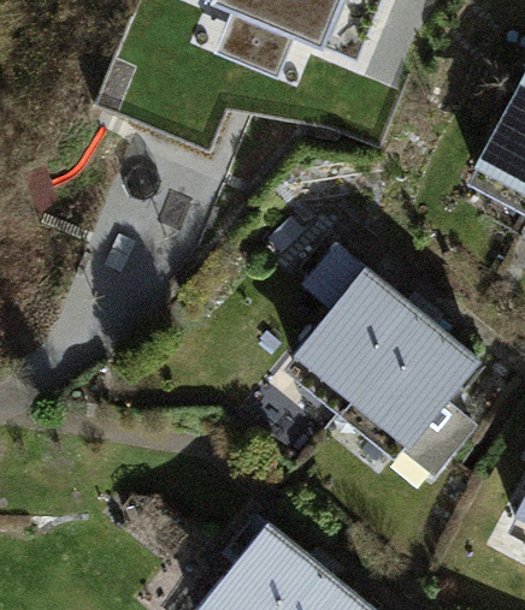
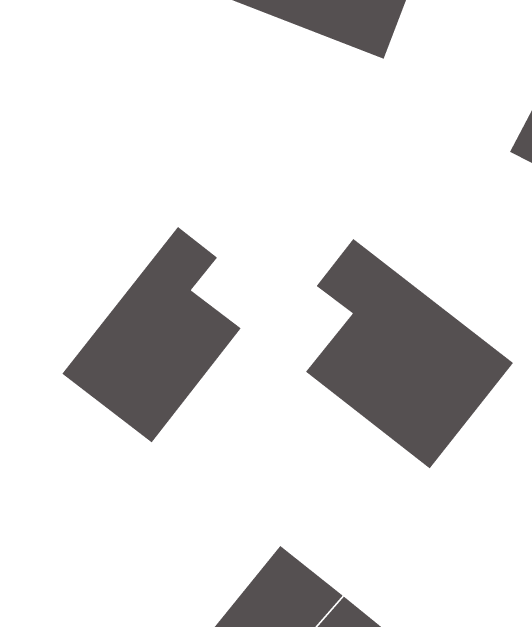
building: none -> [61,226,242,444]

